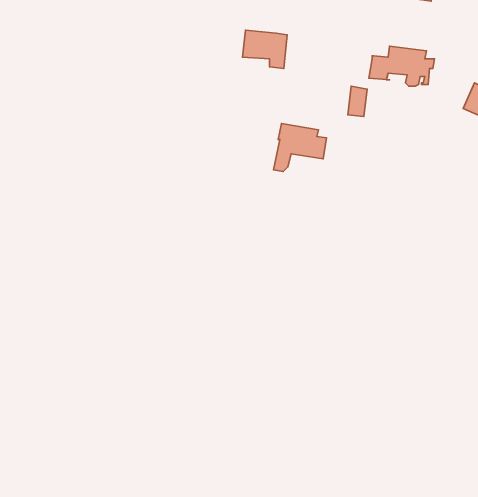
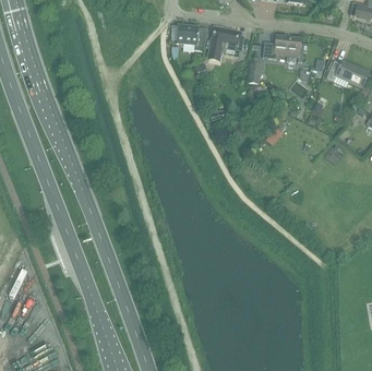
building: [274,124,326,172] -> [208,26,244,59]

